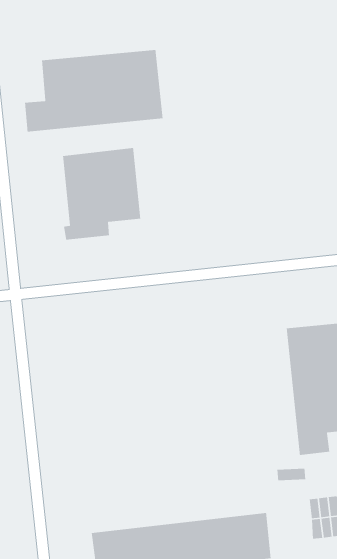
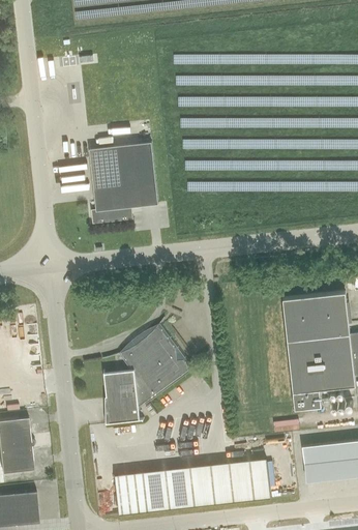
building: [24,49,164,133] -> none
building: none -> [102,317,189,423]

